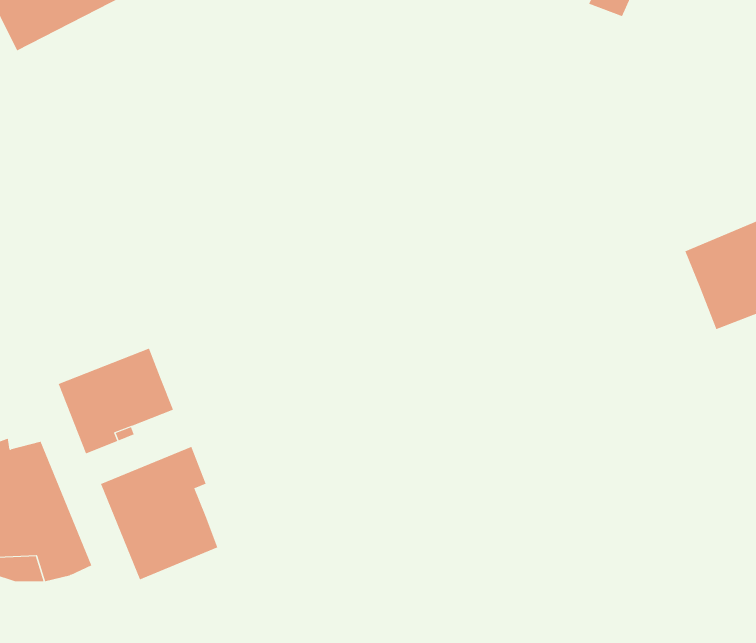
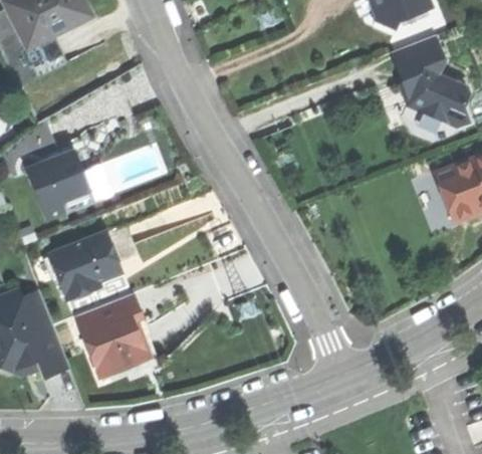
building: none -> [392,35,471,129]
building: none -> [28,152,91,220]

